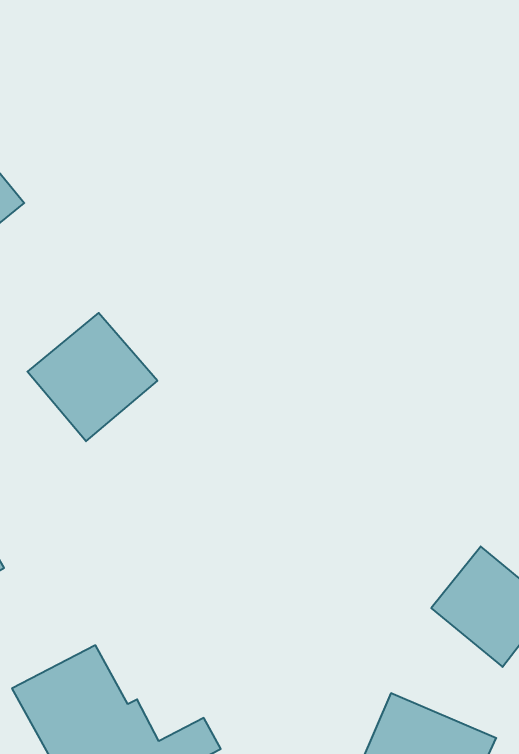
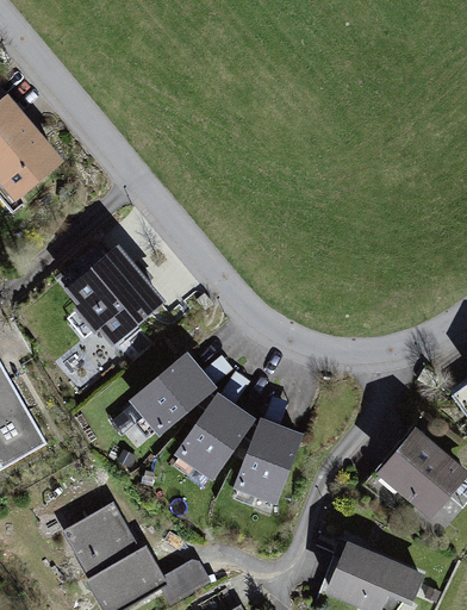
building: none -> [127,356,214,438]
building: none -> [176,396,254,479]
building: none -> [238,419,304,503]

